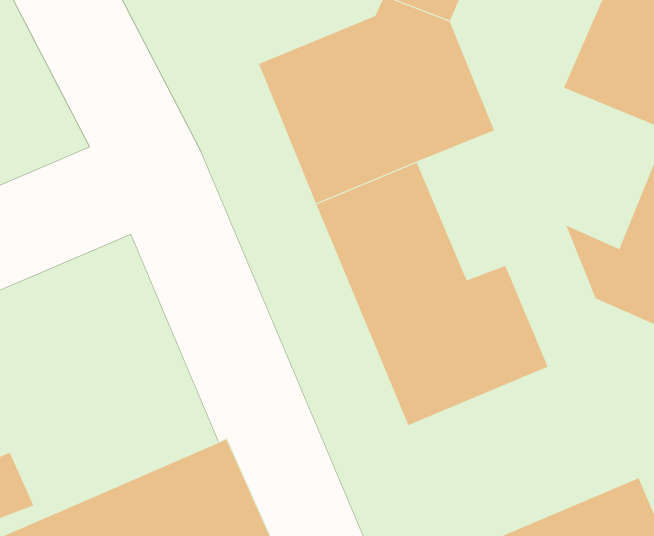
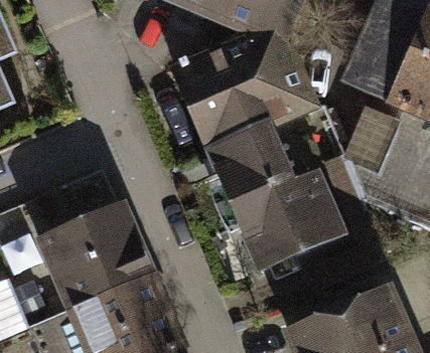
building: none -> [45,197,164,310]

